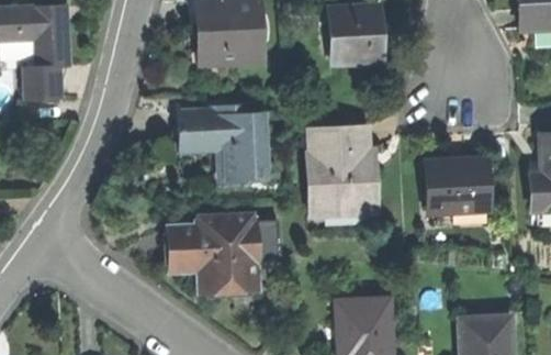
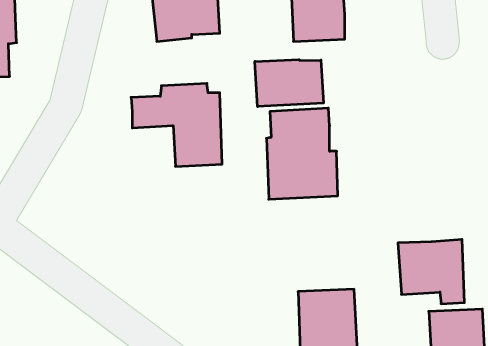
building: none -> [255,60,323,107]
building: [423,159,485,220] -> [398,239,464,304]
building: [166,214,279,293] -> none

